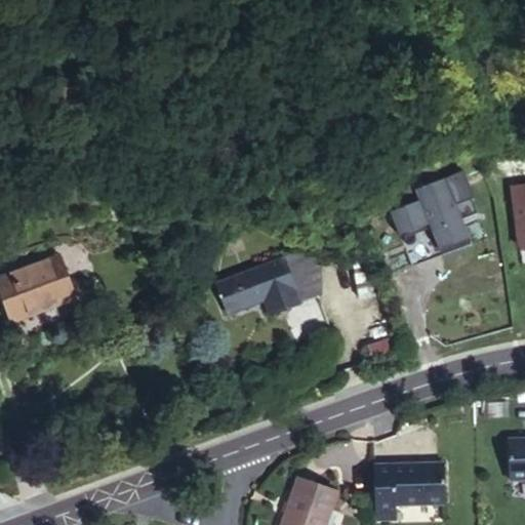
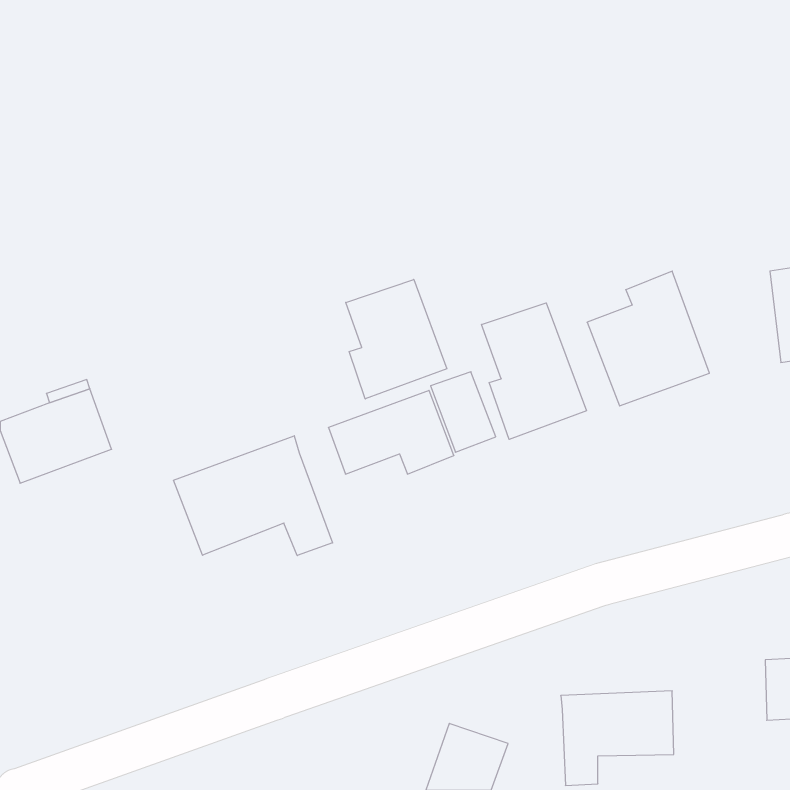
building: none -> [346,279,447,399]
building: none -> [482,303,586,439]
building: none -> [174,436,333,556]

